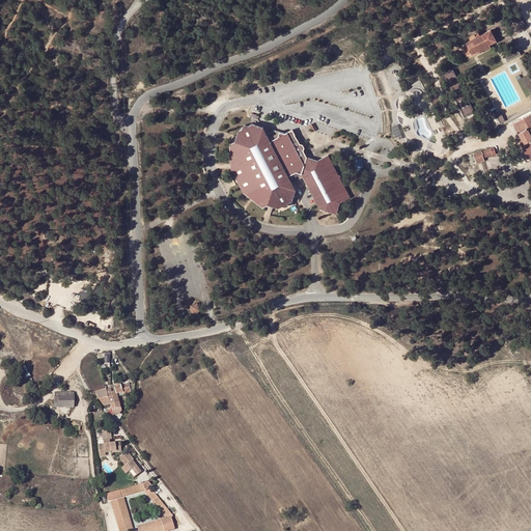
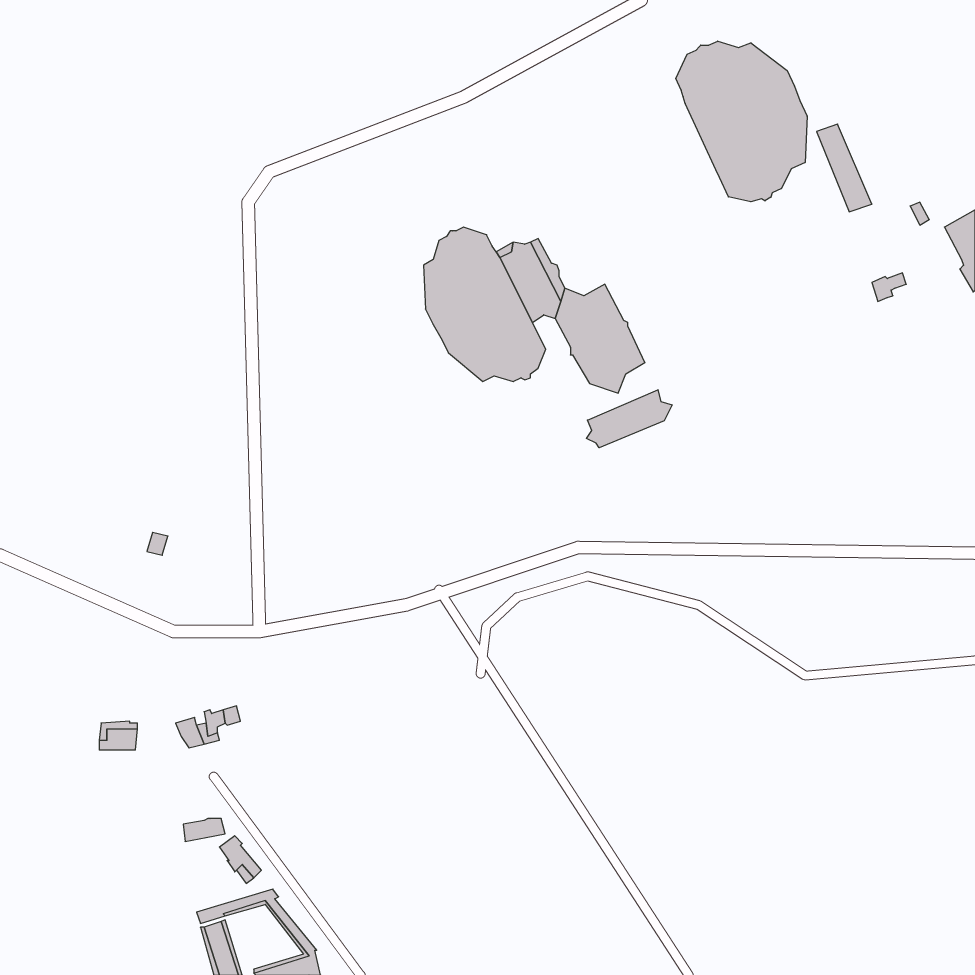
building: none -> [676,41,807,202]
building: [463,29,497,57] -> none
building: none -> [586,390,672,448]

